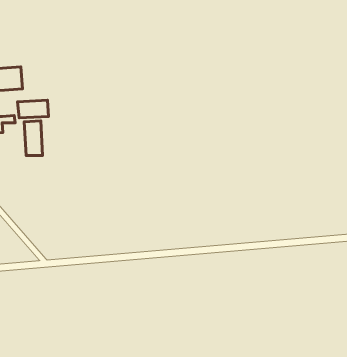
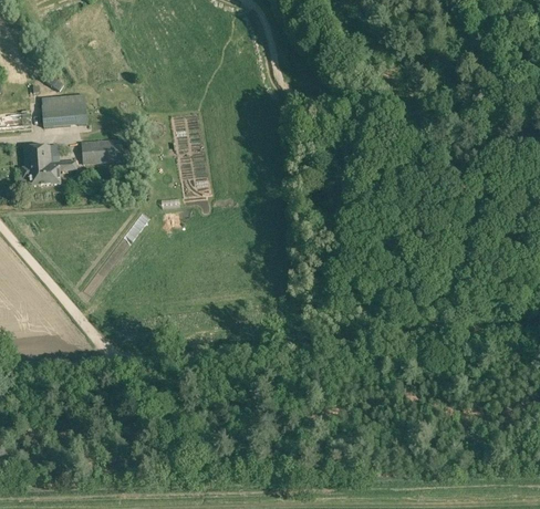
building: [24,121,43,155] -> none

